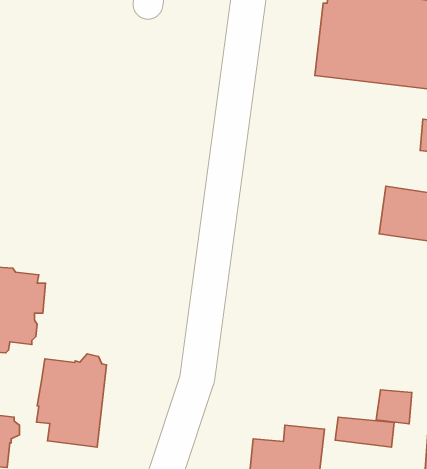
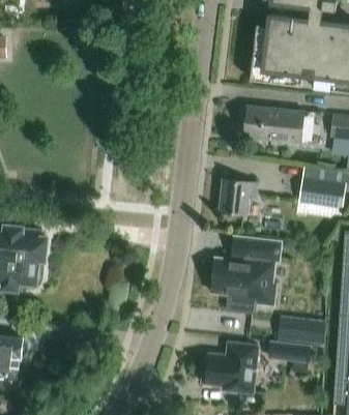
building: none -> [242,109,302,145]
building: none -> [219,181,257,217]
building: none -> [210,237,281,314]
building: [37,354,107,447] -> none

